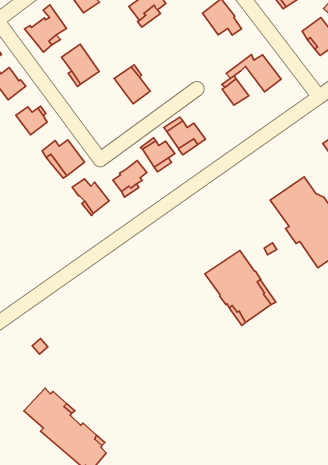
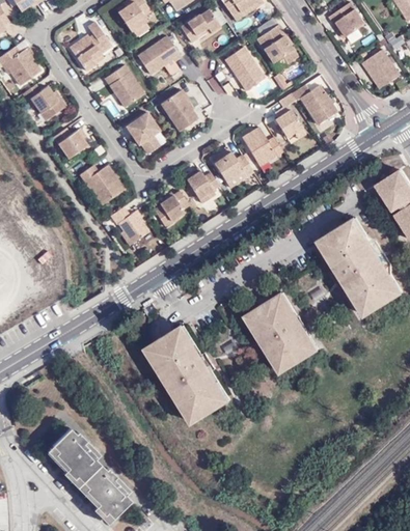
building: none -> [137,35,182,74]
building: none -> [223,47,264,91]
building: none -> [124,112,159,153]
building: none -> [240,128,282,168]
building: none -> [145,325,228,423]

